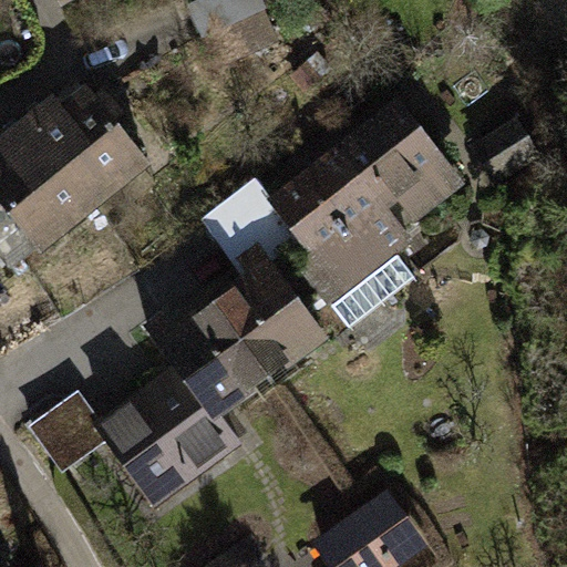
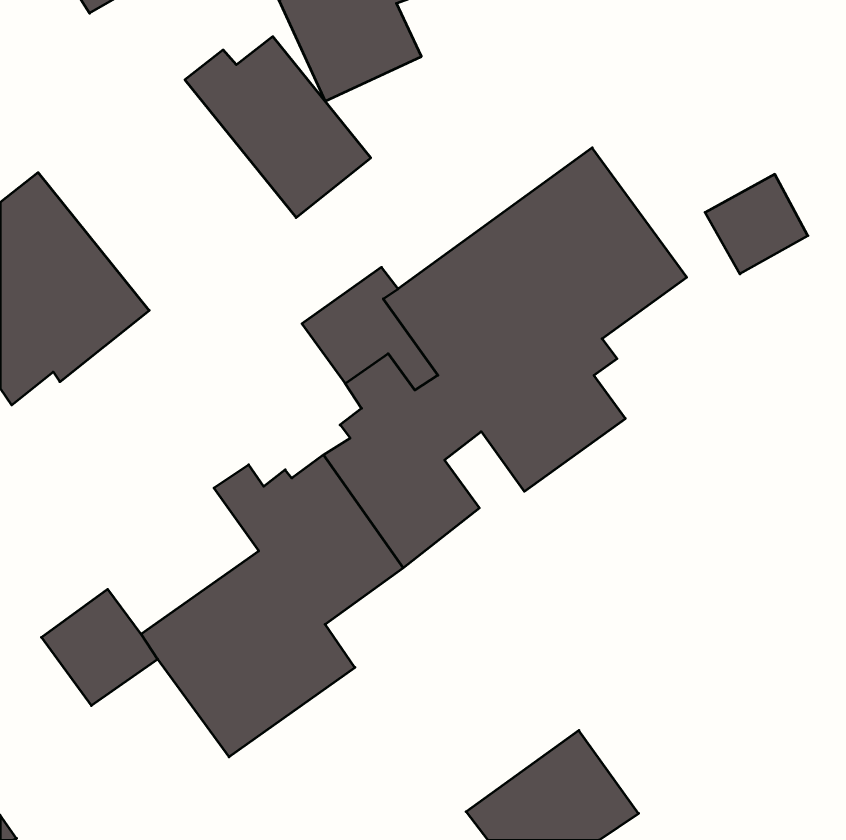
building: [27,86,151,207] -> [185,37,371,218]

